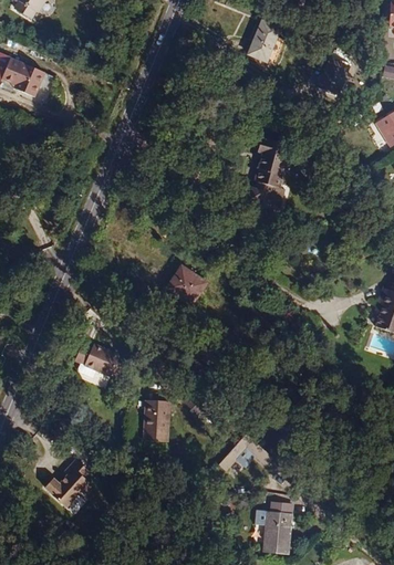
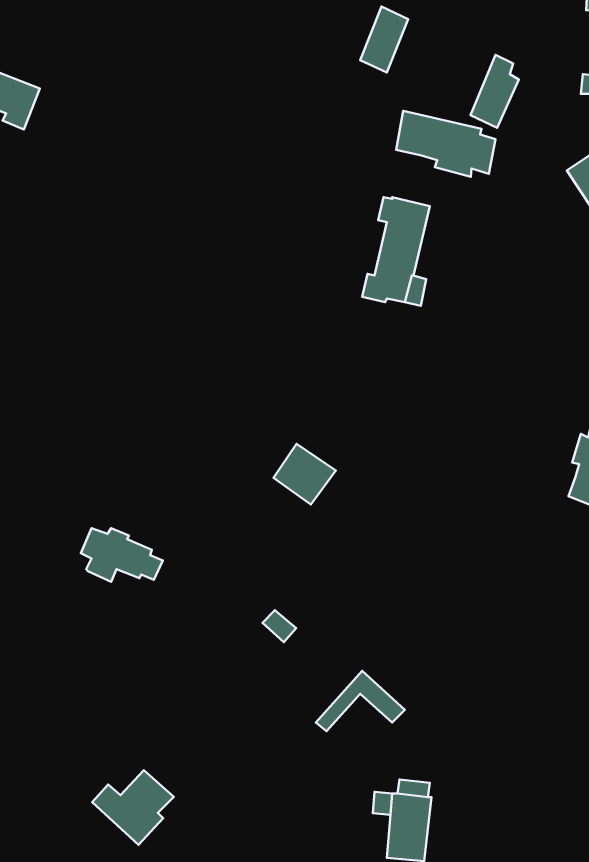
building: none -> [396,111,496,177]
building: [165,269,204,306] -> [273,444,336,504]
building: [141,400,167,441] -> none
building: [44,465,95,512] -> [92,770,174,845]

